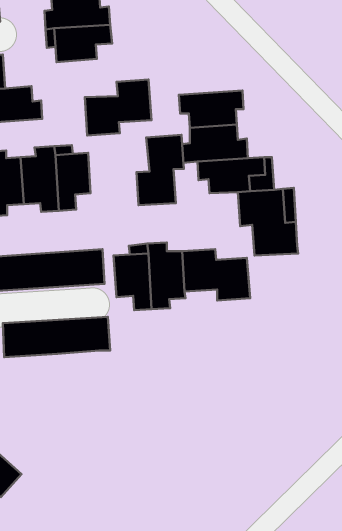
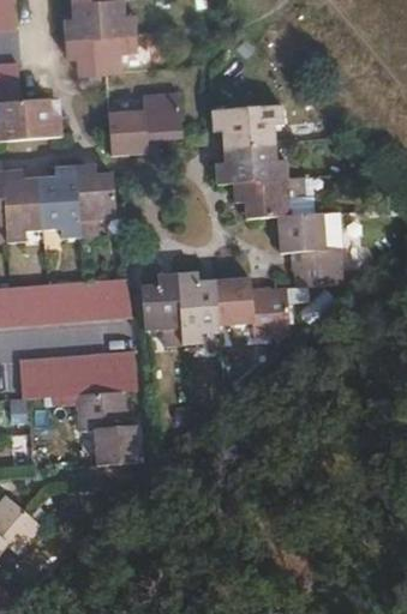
building: [136,135,184,205] -> none
building: none -> [78,390,142,464]

